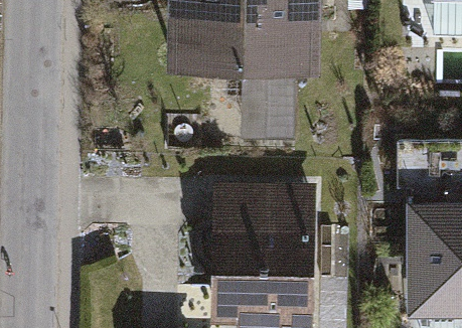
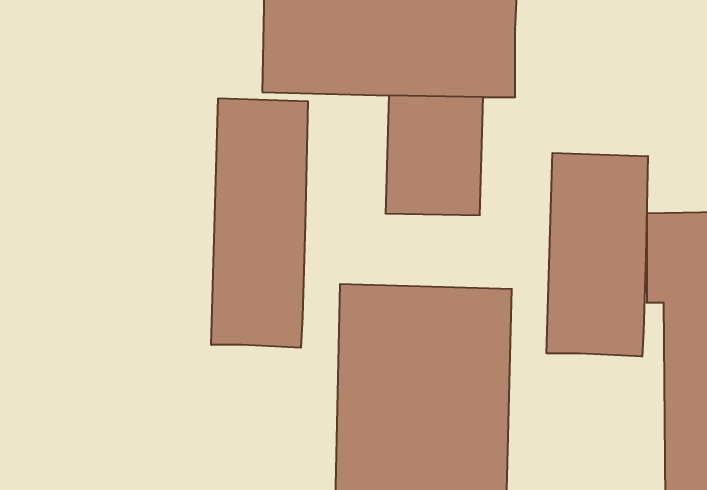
building: none -> [211,98,308,348]
building: none -> [547,153,648,357]

